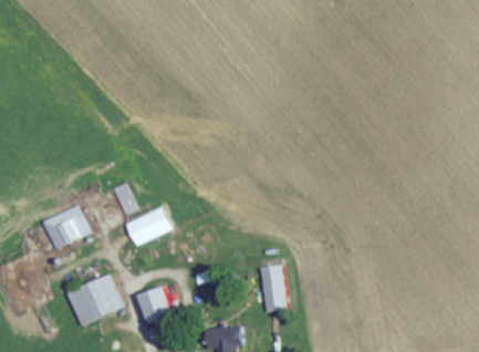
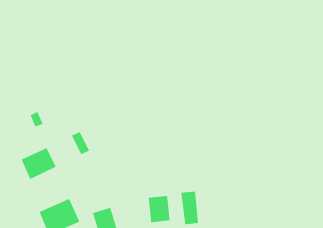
building: [125,207,171,246] -> none
building: none -> [148,195,170,223]

